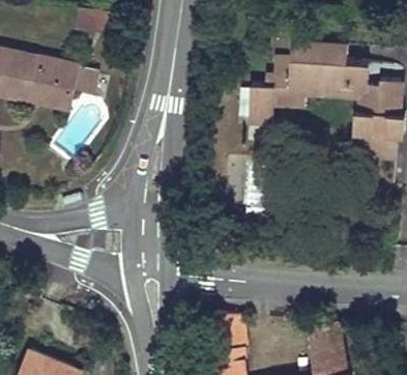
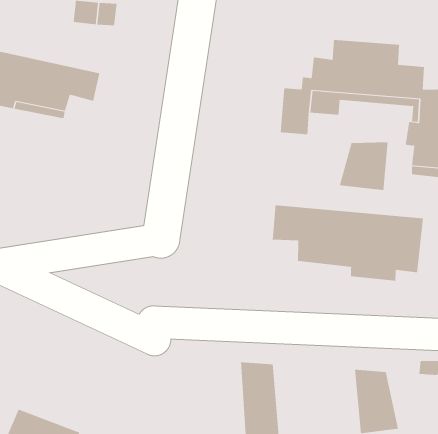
building: none -> [339,142,388,191]
building: none -> [272,205,423,282]

